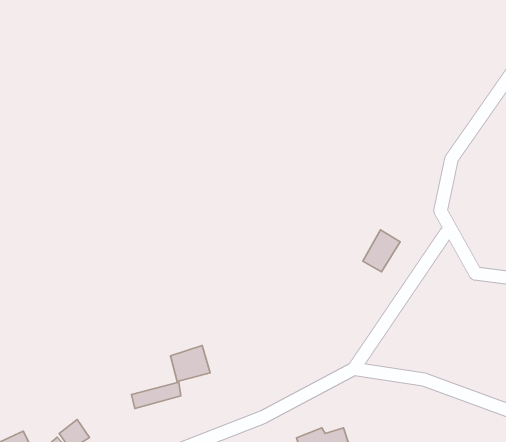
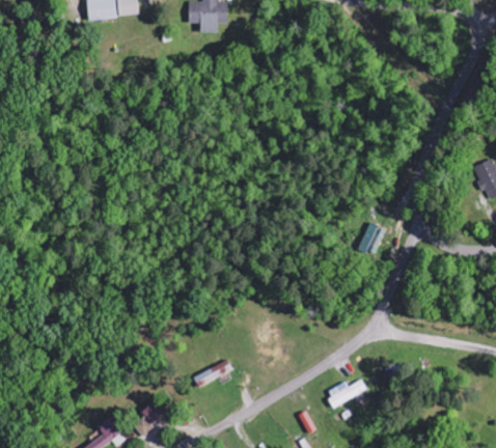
building: [170,345,210,382] -> none

